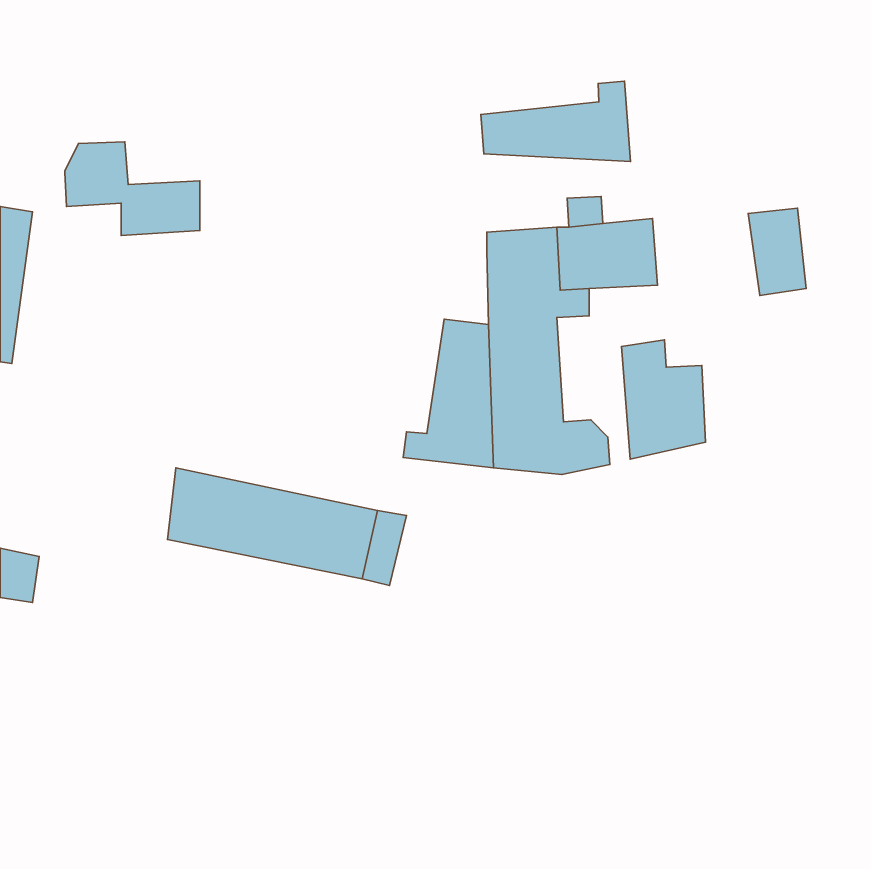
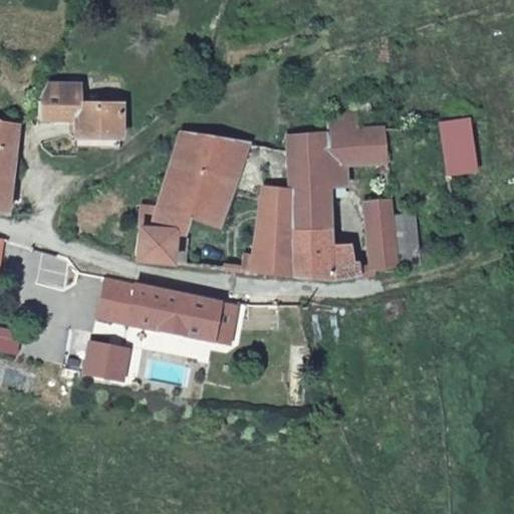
building: [481,81,631,161] -> none
building: none -> [136,134,258,262]
building: none -> [83,336,137,381]

